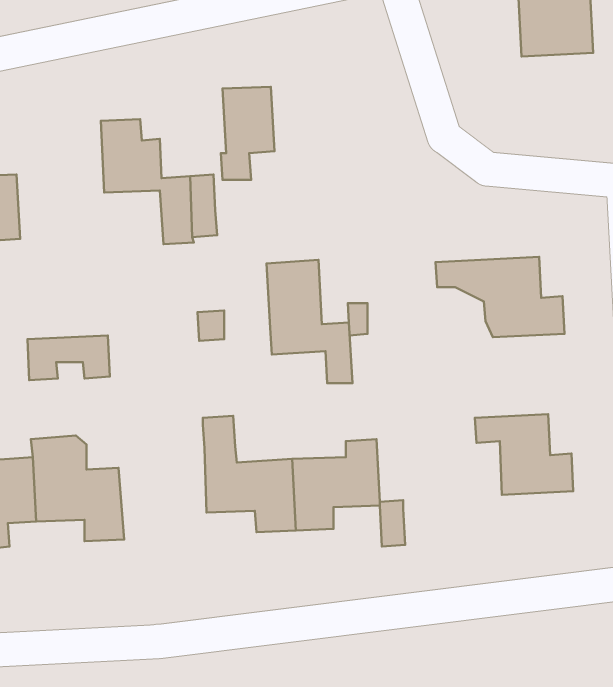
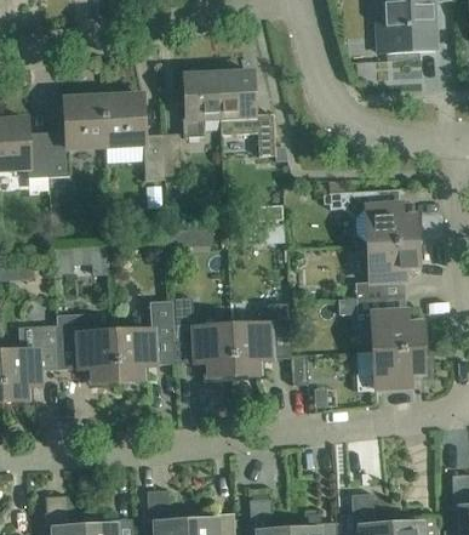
building: none -> [45,97,104,177]
building: [266,260,352,383] -> [217,72,275,155]
building: none -> [355,241,417,298]
building: none -> [114,303,173,381]
building: none -> [356,348,423,391]

